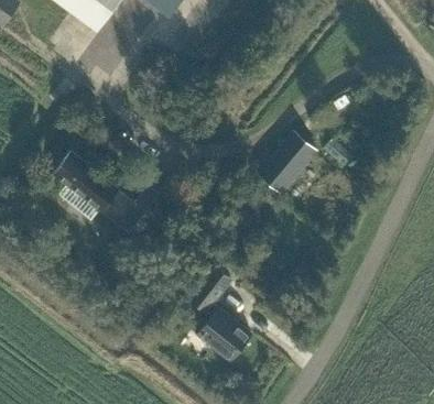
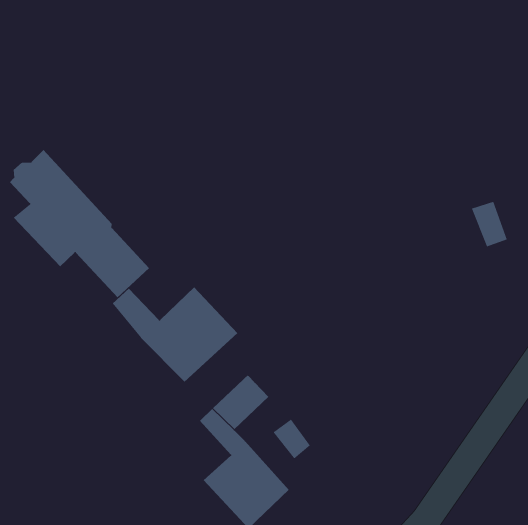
building: [259,133,317,193] -> none
building: none -> [112,286,238,383]

